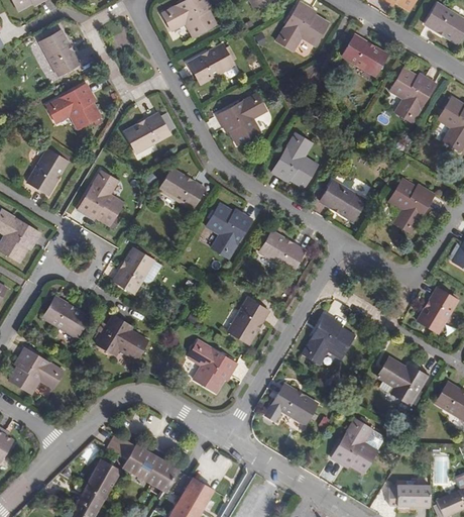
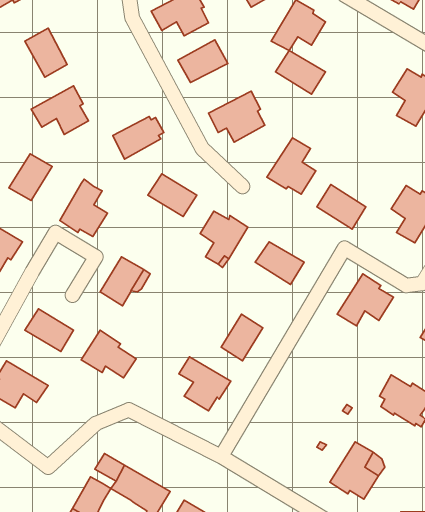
building: [341,34,388,76] -> [275,51,325,94]
building: [301,317,354,367] -> [337,274,394,326]
building: [262,386,316,427] -> none

